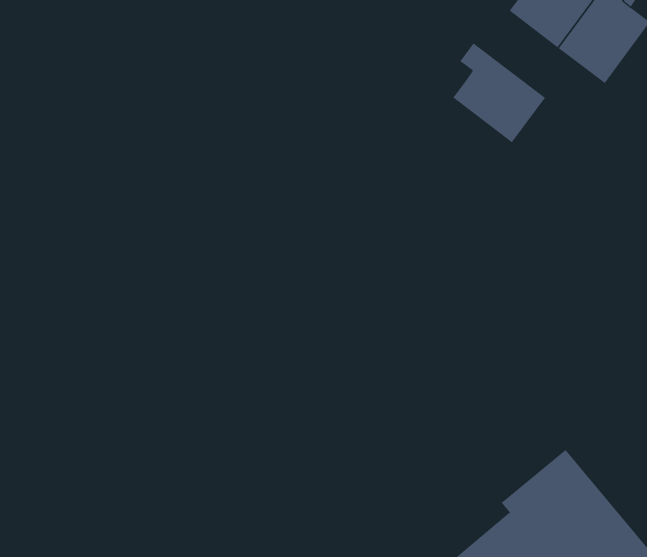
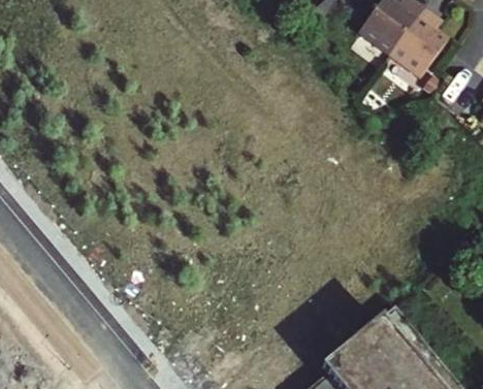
building: [452,43,546,143] -> none

